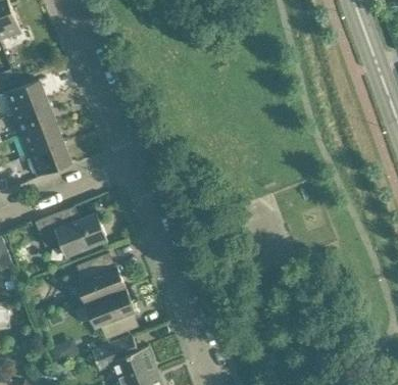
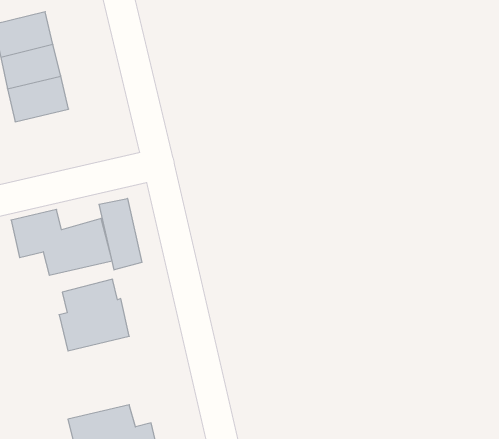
building: [30,144,72,178] -> none
building: none -> [99,198,142,270]
building: [86,291,139,341] -> none

